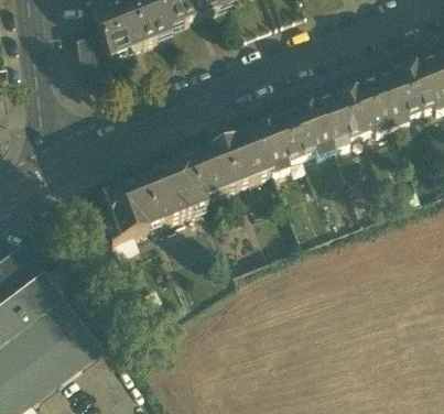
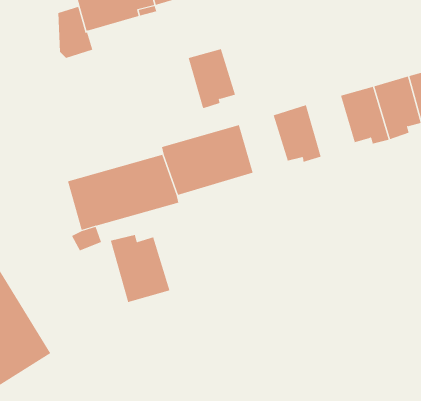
building: [314,94,360,151] -> none
building: [255,117,301,173] -> [188,49,236,109]
building: none -> [110,234,170,303]

